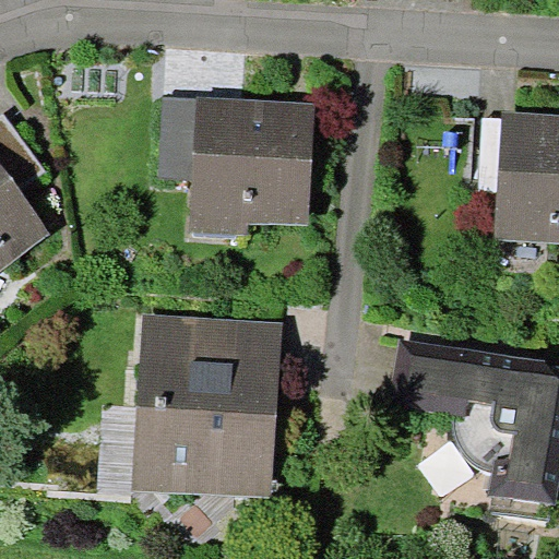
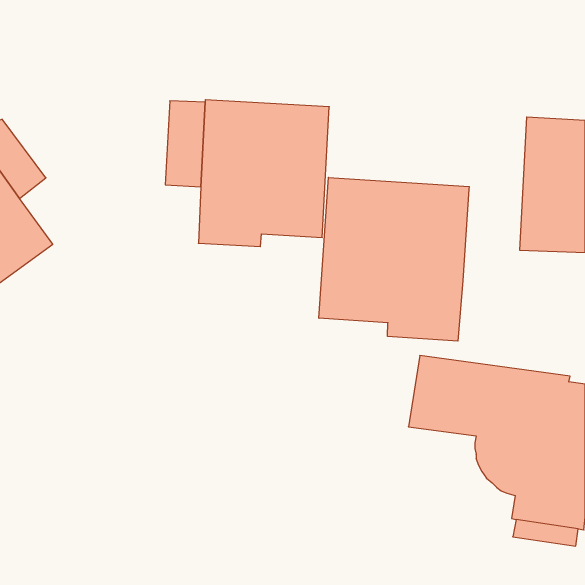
building: none -> [319,177,469,341]
building: [131,314,282,499] -> none

